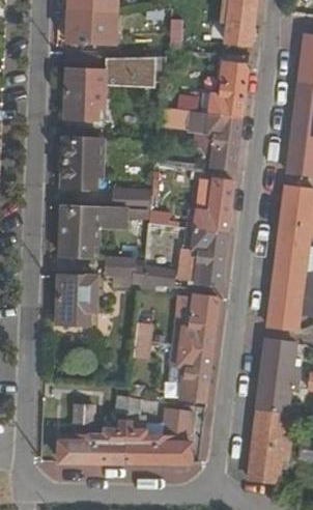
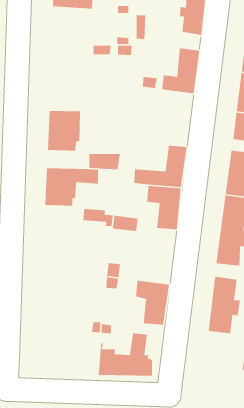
building: [66,10,117,45] -> none
building: [64,53,105,118] -> none
building: [182,112,241,168] -> none
building: [55,275,97,324] -> none
building: [171,295,218,350] -> none
building: [58,404,126,462] -> none
building: [249,408,290,483] -> none

